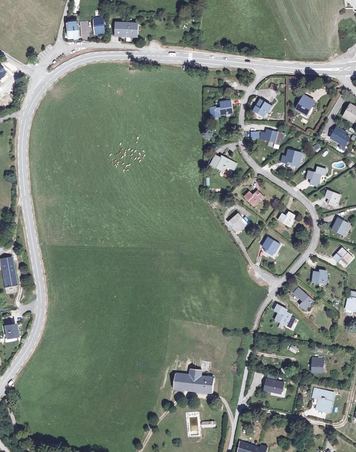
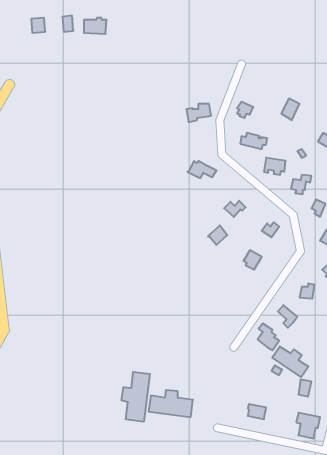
building: none -> [272,346,308,377]
building: none -> [121,372,150,422]

